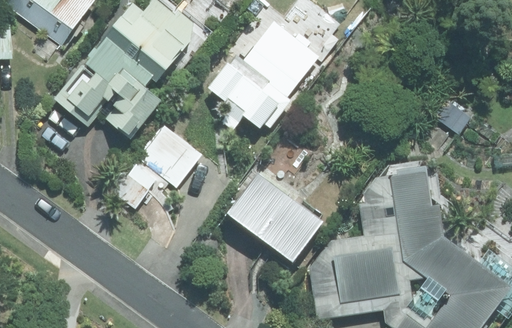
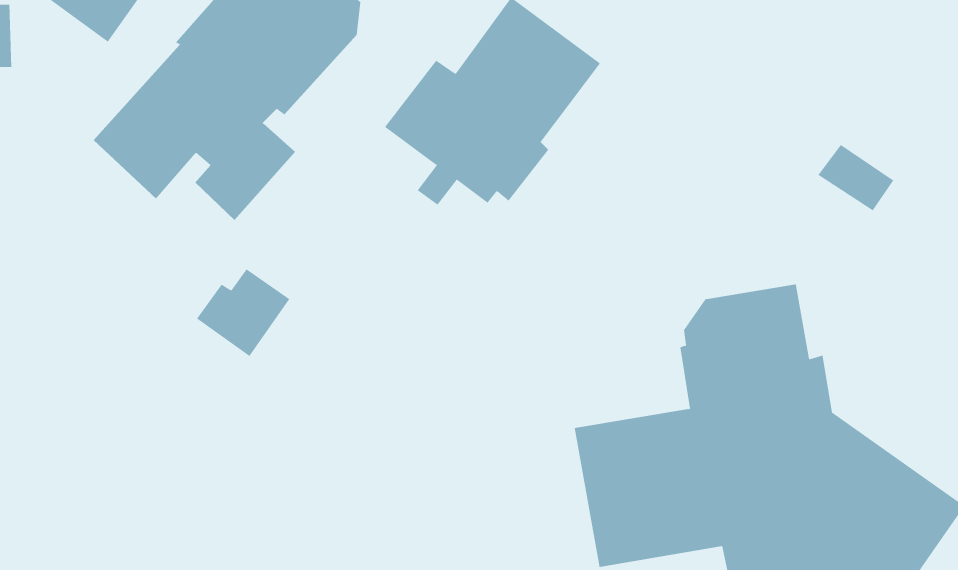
building: [139,125,203,186] -> none
building: [224,169,320,262] -> none

